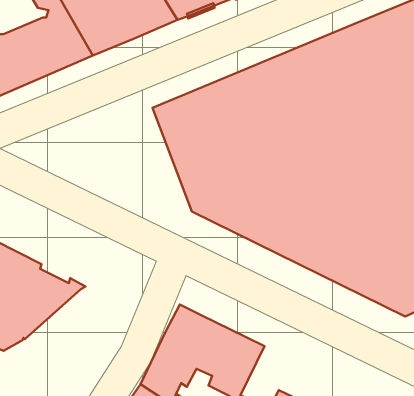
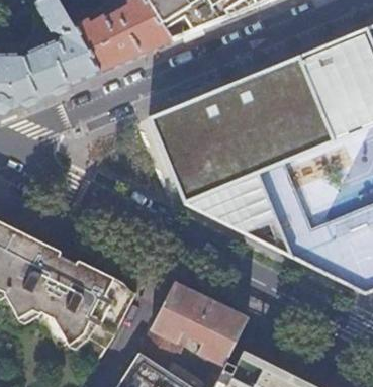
building: none -> [41,268,133,349]

